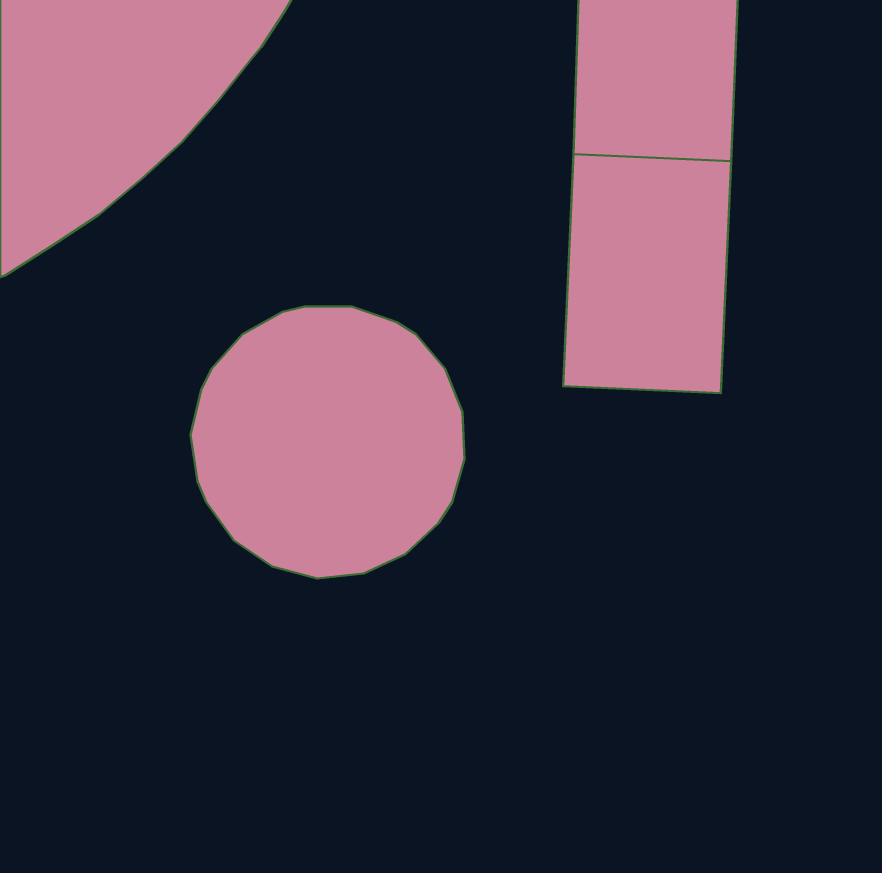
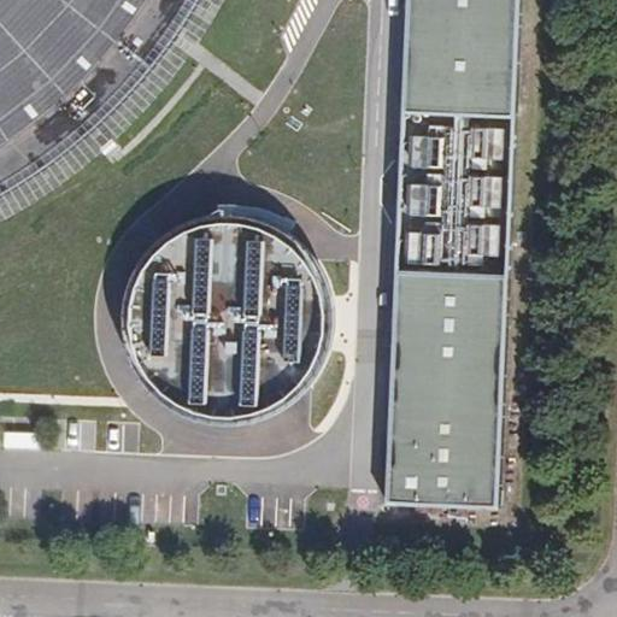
building: none -> [384,269,504,504]

